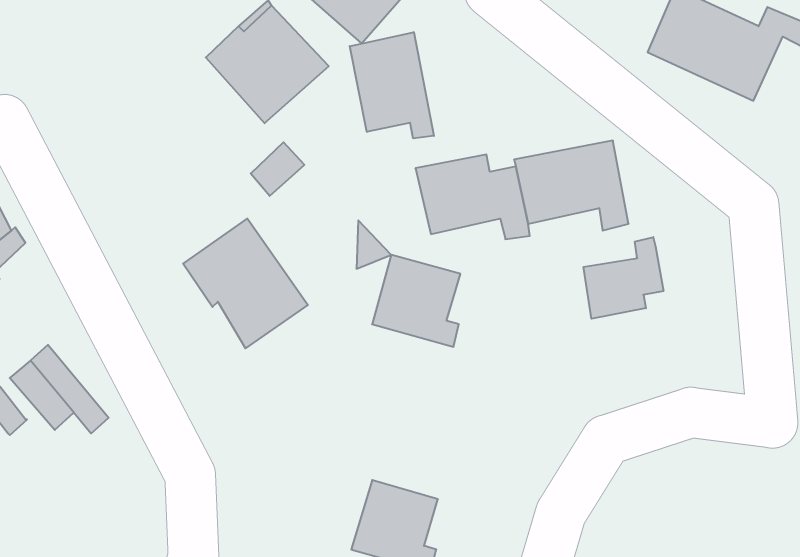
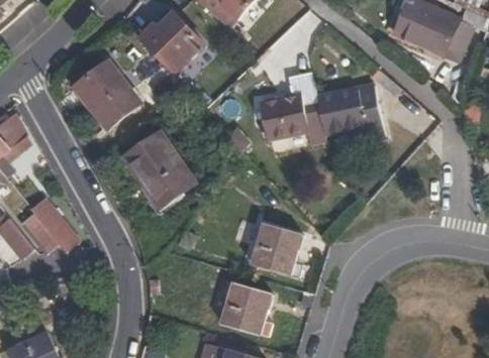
building: [350,32,434,138] -> none
building: none -> [74,61,139,128]
building: [584,237,663,319] -> none
building: [372,255,460,347] -> [251,223,302,276]

